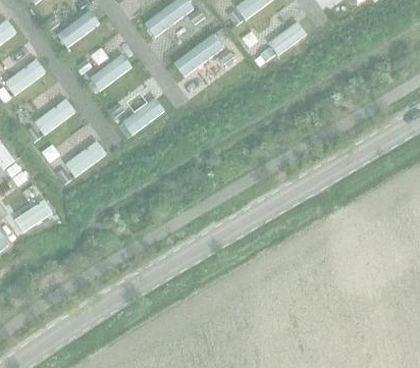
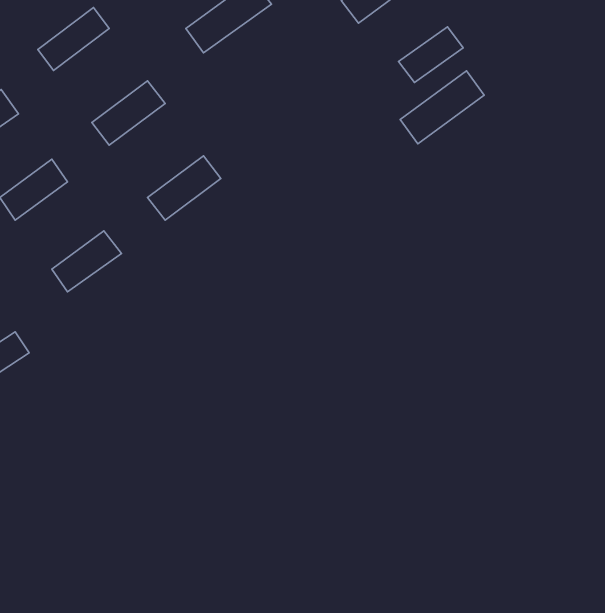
building: [173,34,222,76] -> [400,71,484,144]

